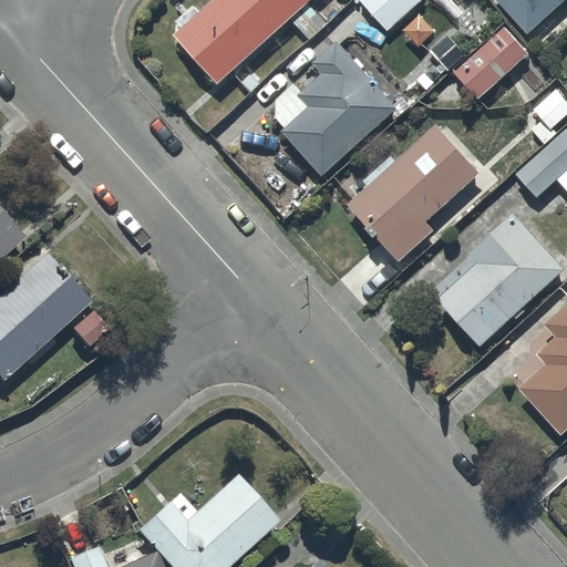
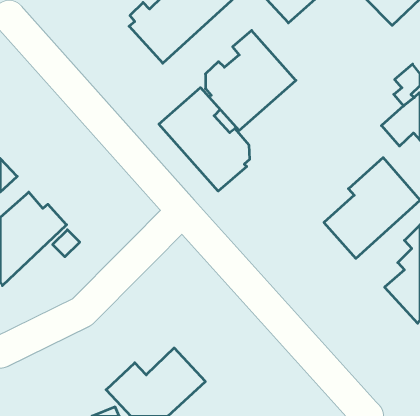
building: [453,22,532,100] -> none
building: none -> [159,88,250,191]
building: [348,125,482,261] -> none

